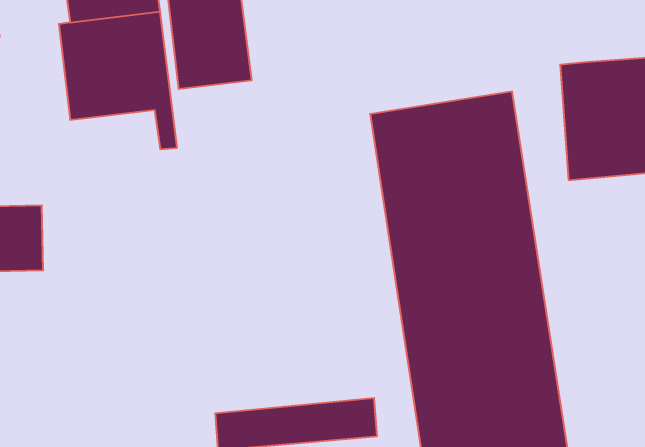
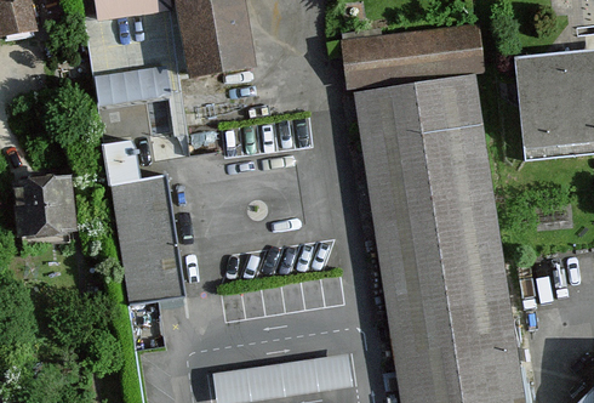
building: none -> [342,28,485,89]
building: none -> [103,142,184,305]

